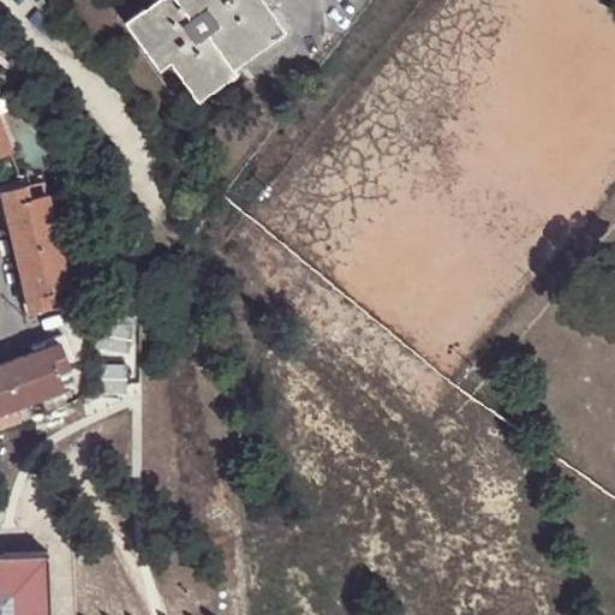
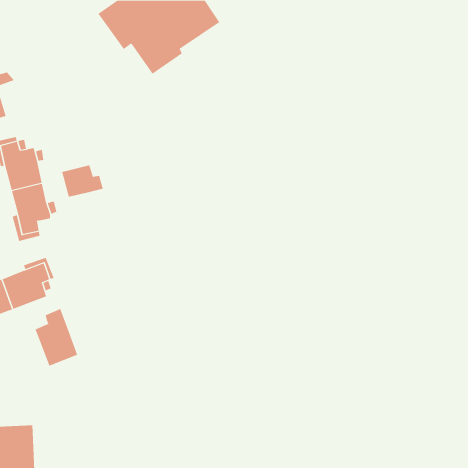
building: none -> [62,165,104,197]
building: none -> [35,308,78,367]

